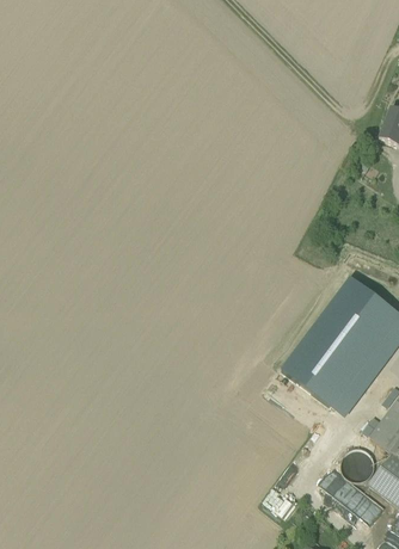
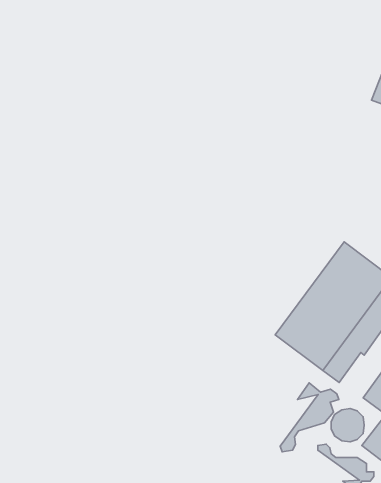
building: none -> [280,383,339,452]

